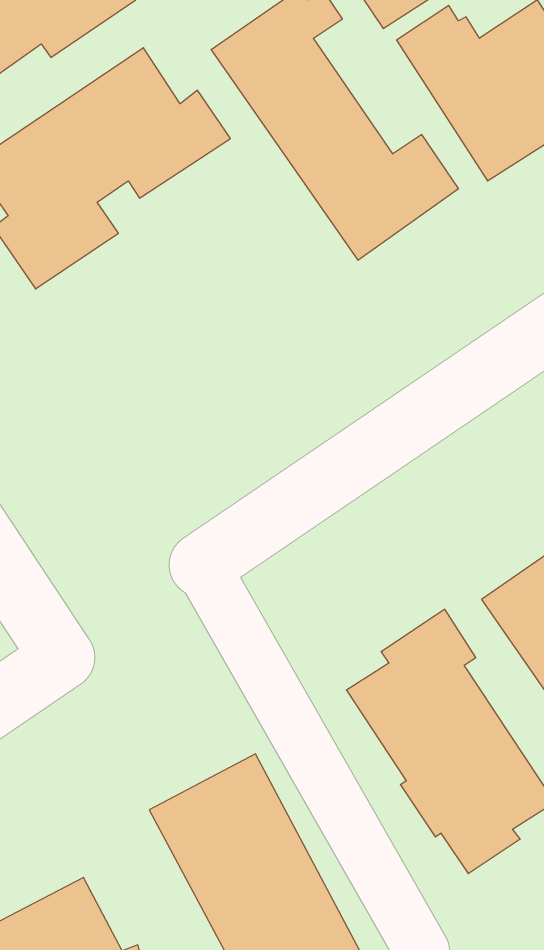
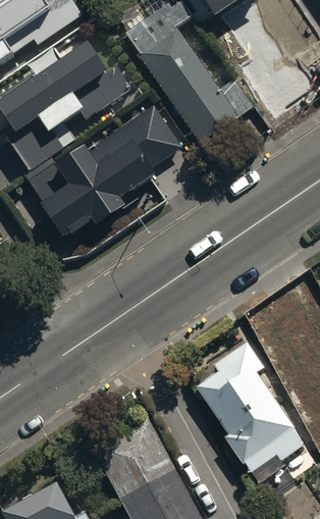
building: none -> [41,105,180,233]

